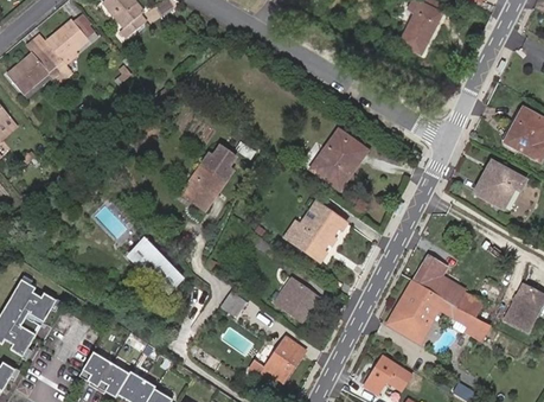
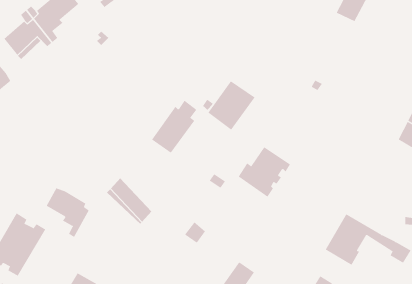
building: [311,130,367,190] -> [208,81,256,131]
building: none -> [46,188,90,238]
building: [412,255,480,314] -> none
building: [275,279,318,321] -> none

